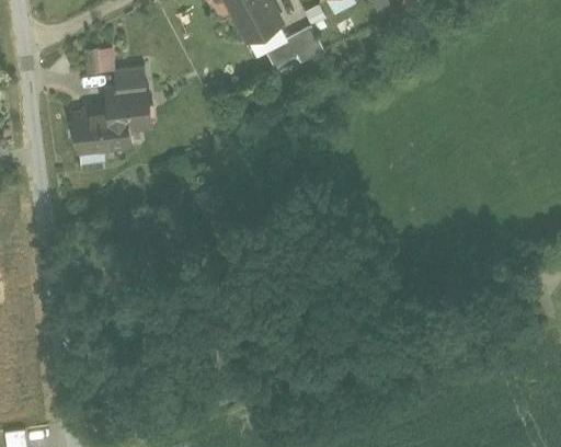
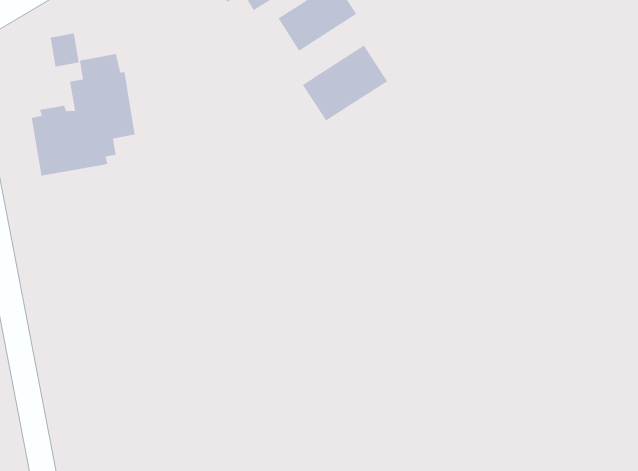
building: none -> [302,45,388,122]

